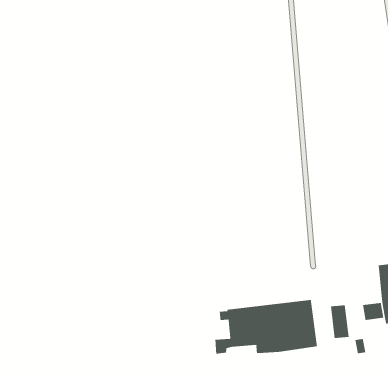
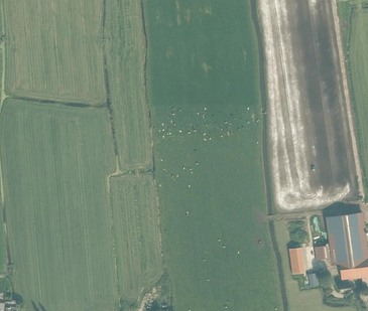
building: [215,299,317,354] -> none

